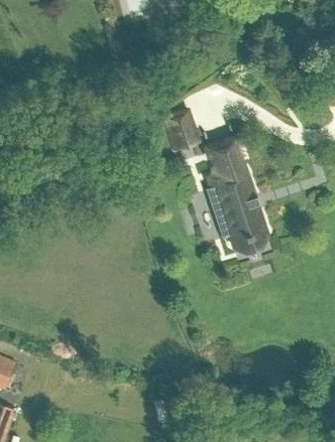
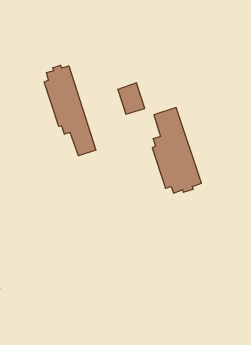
building: none -> [44,65,96,156]

